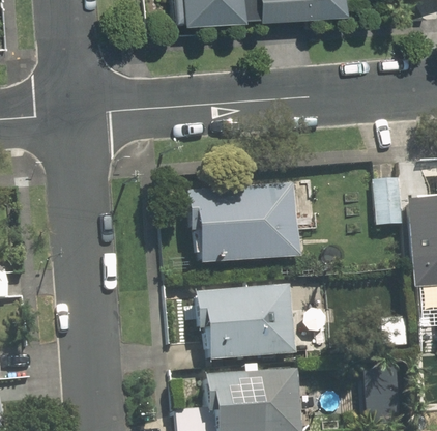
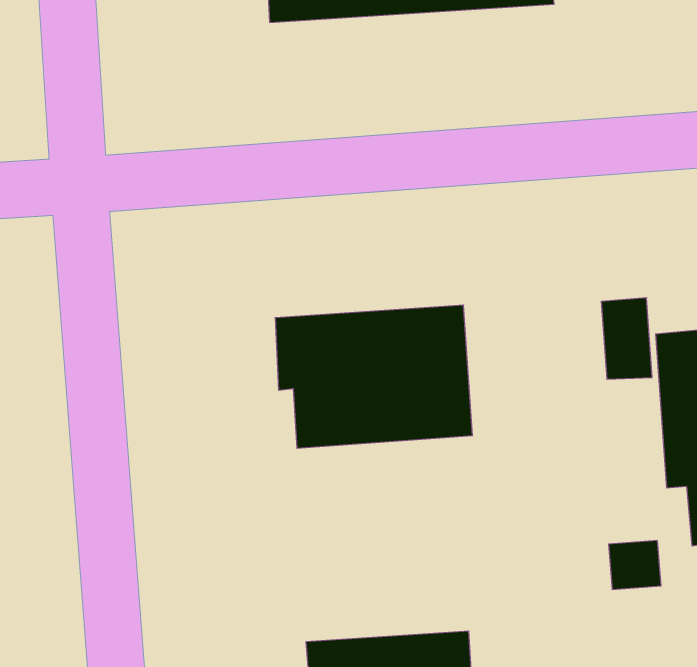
building: [197,284,293,361] -> none

